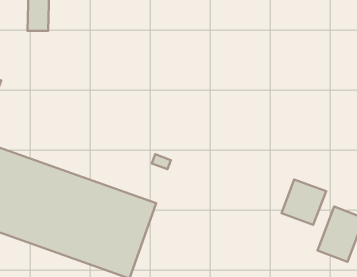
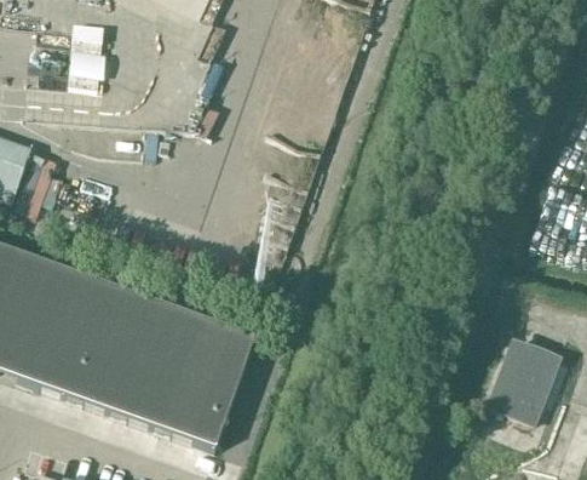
building: [282,179,326,225] -> none

